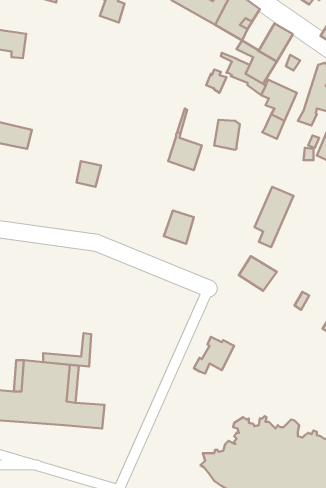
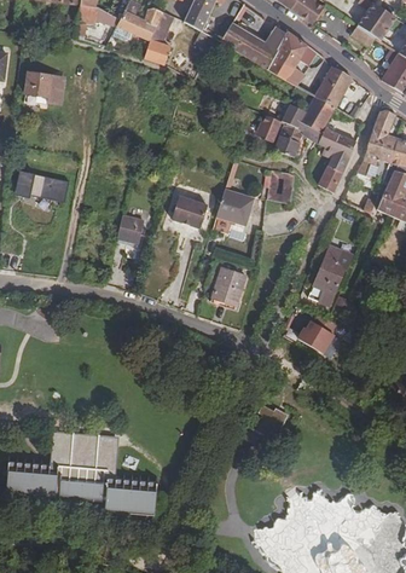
building: none -> [273,123,302,156]
building: none -> [172,195,207,227]
building: [43,333,91,367] -> [104,479,156,515]

